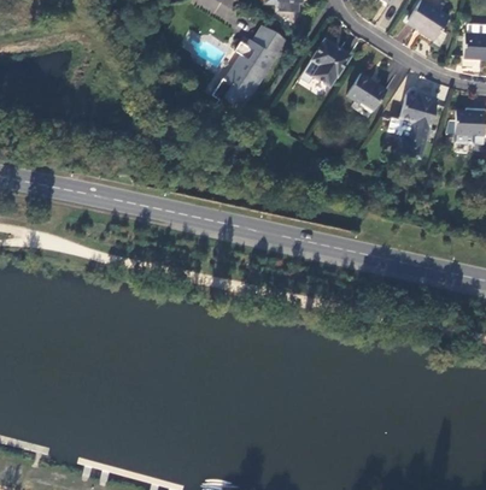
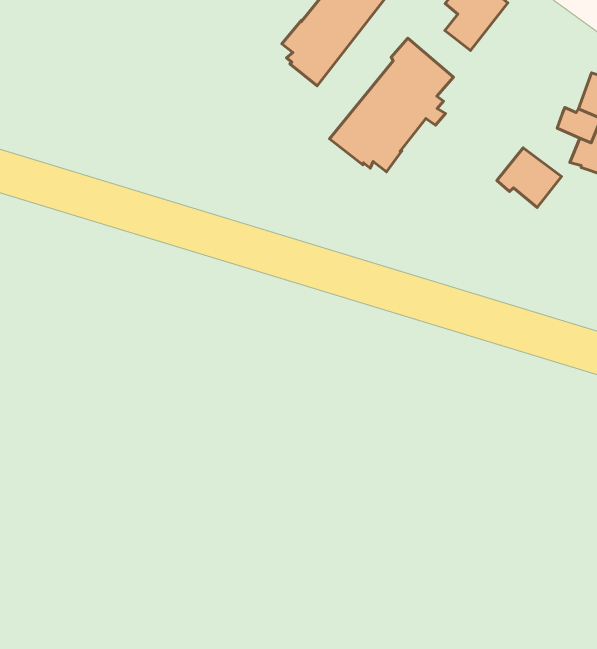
building: [346,73,386,110] -> [497,148,561,208]
building: none -> [329,38,453,172]

